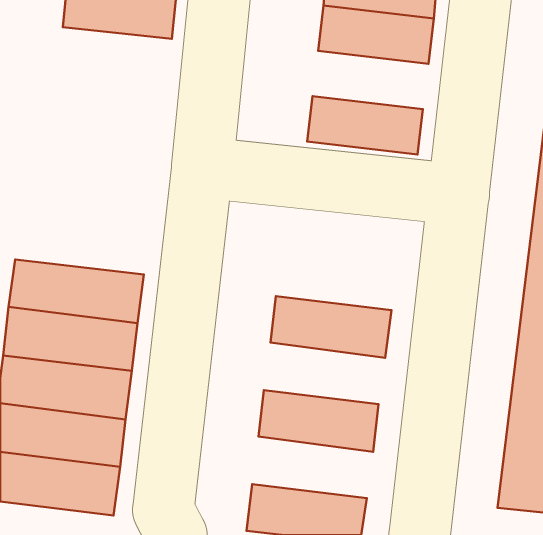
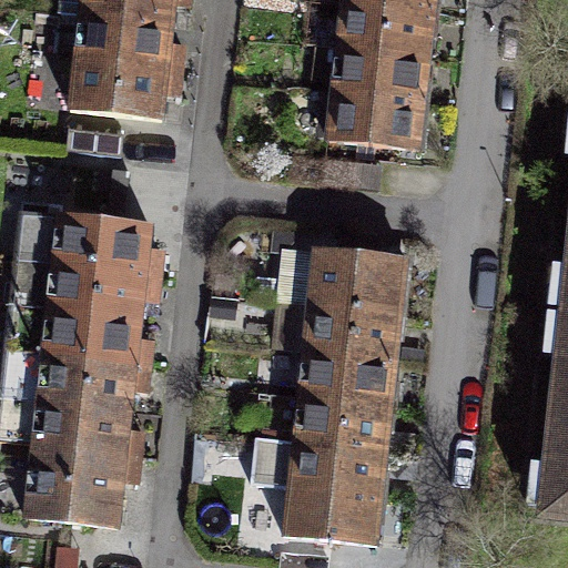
building: none -> [64,28,186,135]
building: none -> [331,52,449,112]
building: none -> [26,216,163,282]
building: none -> [293,255,417,318]
building: none -> [281,352,405,415]
building: none -> [268,448,393,511]

